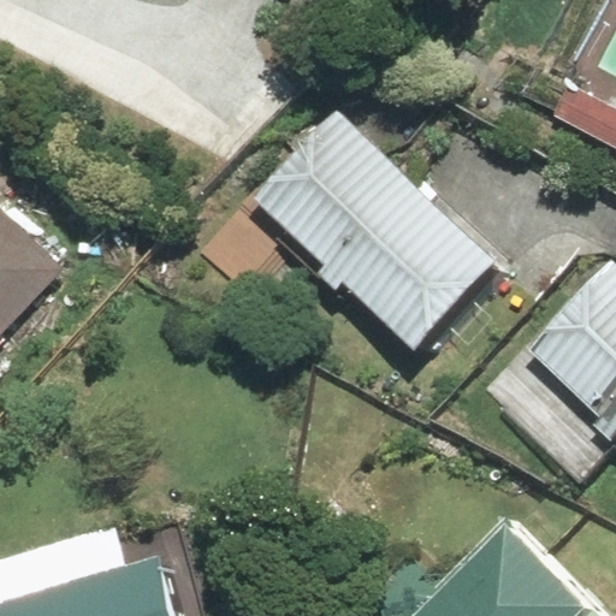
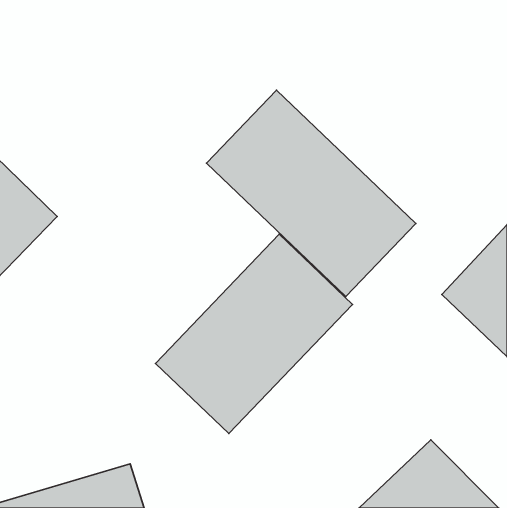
building: none -> [155,234,352,434]

